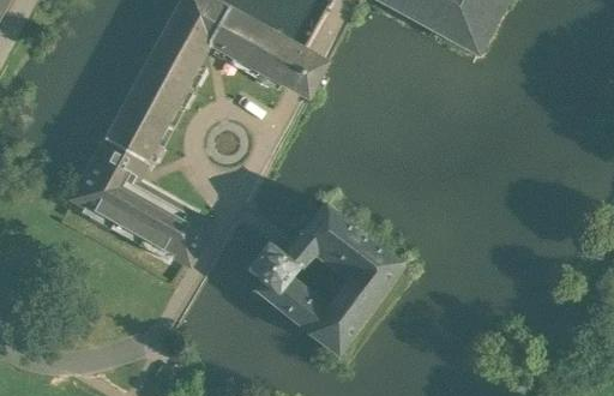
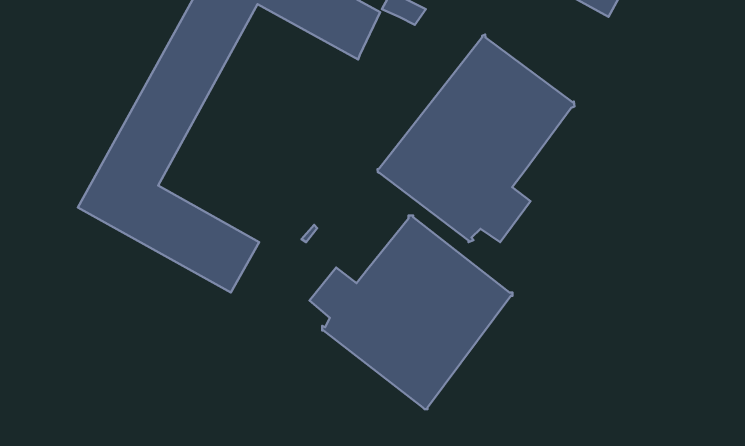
building: none -> [378,34,574,242]

